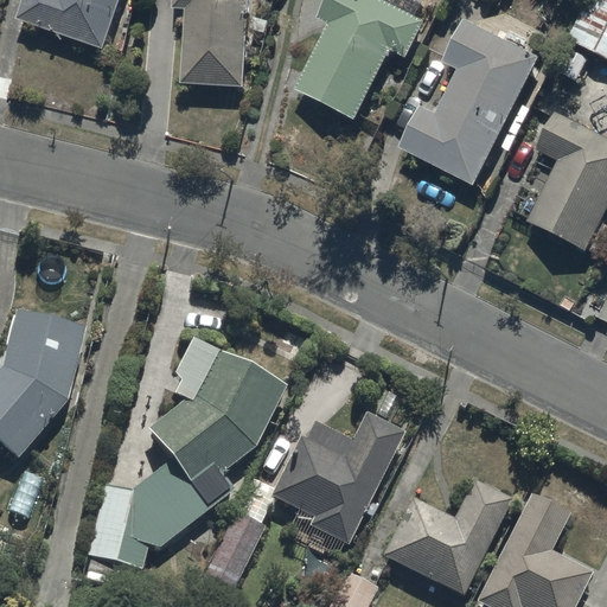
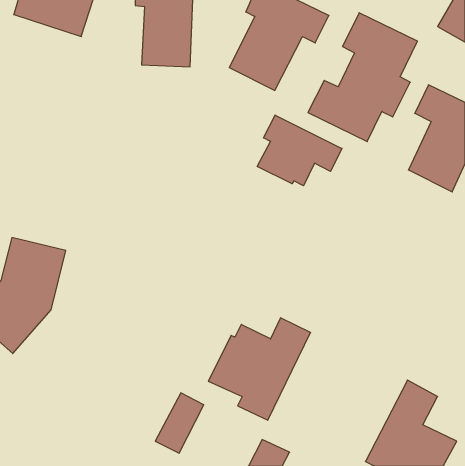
building: none -> [257,115,342,186]
building: [81,337,288,568] -> none
building: [381,481,510,596] -> none

